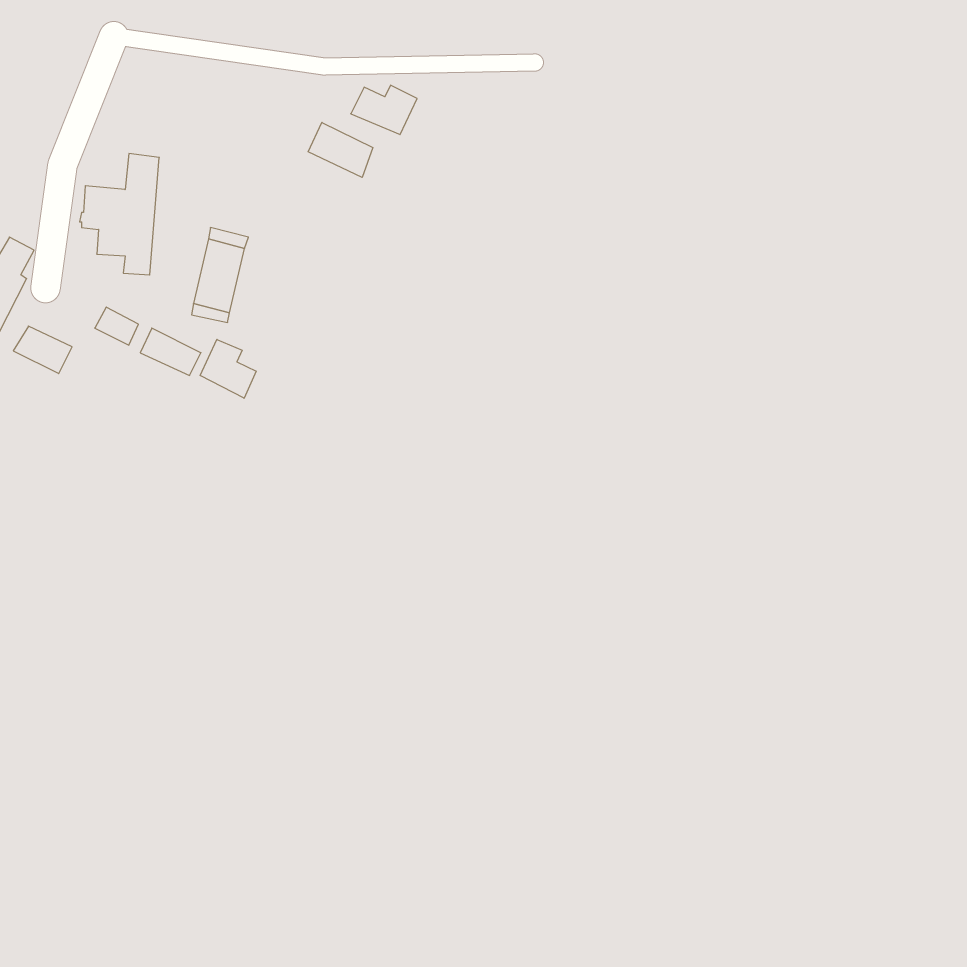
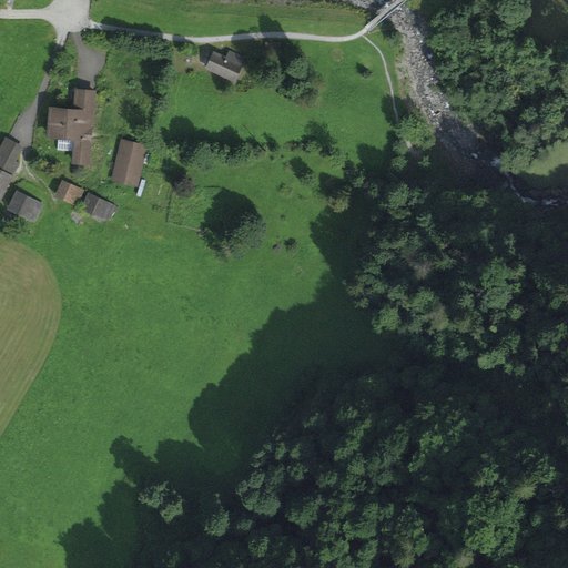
building: [308,122,373,177] -> none
building: [200,339,256,398] -> none

